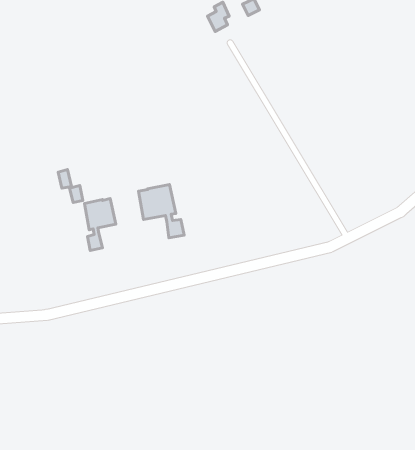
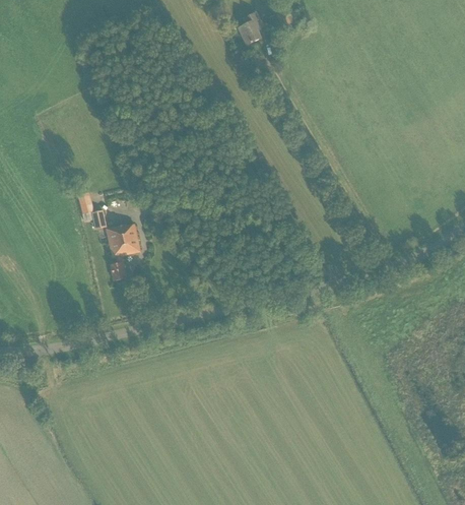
building: [138,185,184,238] -> none

